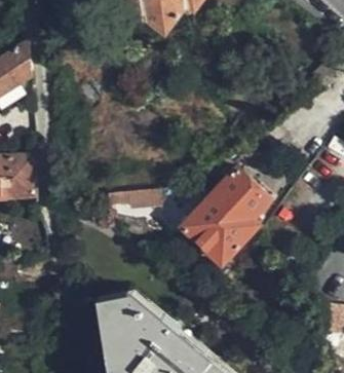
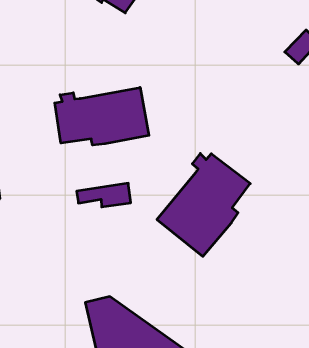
building: none -> [55,87,149,145]

